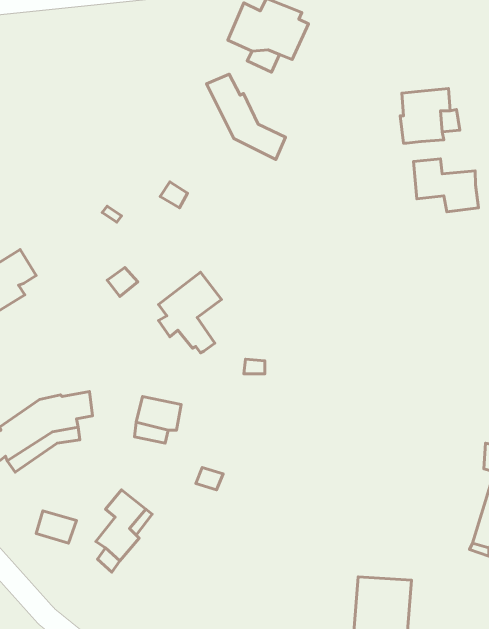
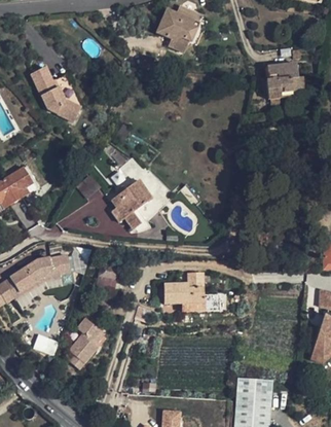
building: [206,74,285,160] -> [30,67,80,121]
building: [414,159,478,212] -> none
building: none -> [163,272,219,310]

